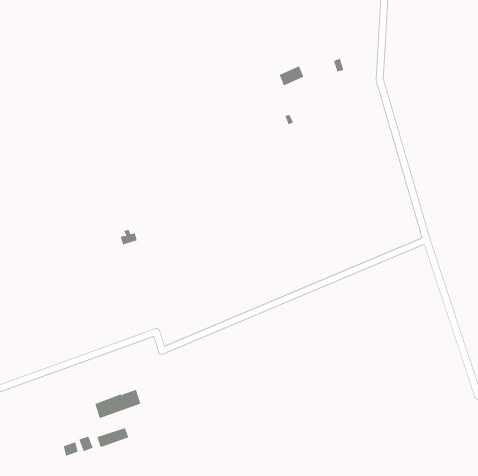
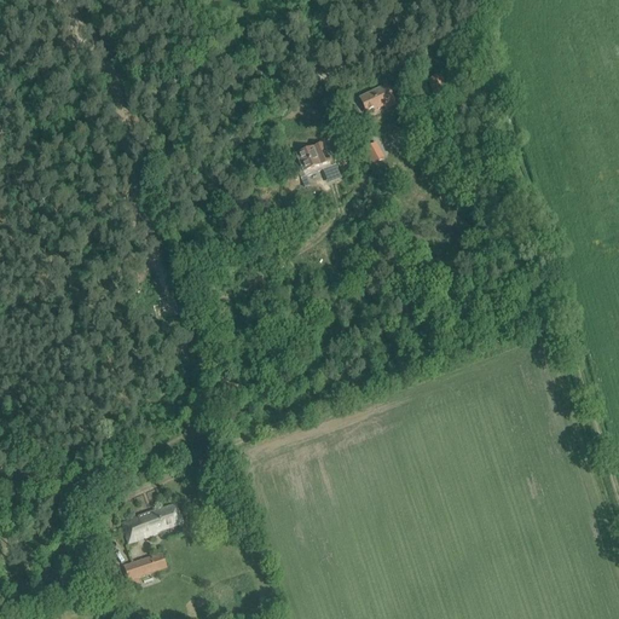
building: none -> [296,140,331,175]

